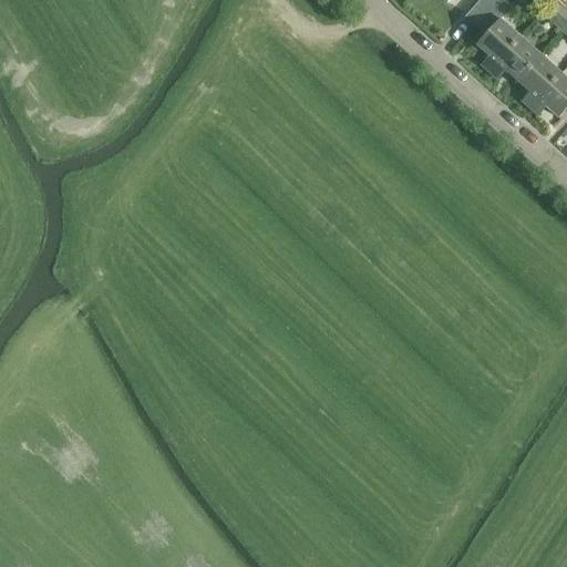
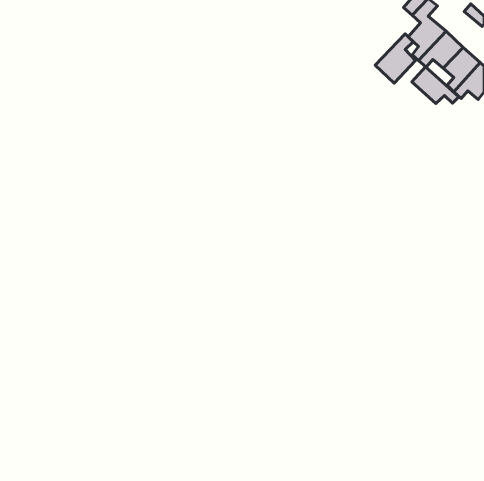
building: none -> [375,34,415,83]
building: none -> [412,67,459,103]

